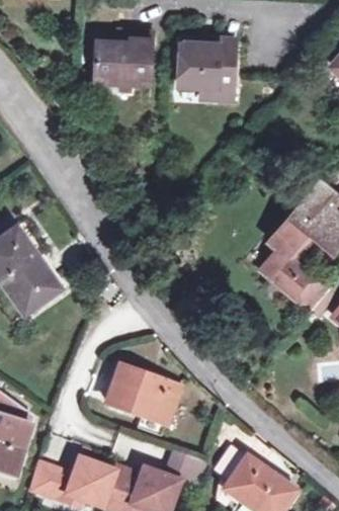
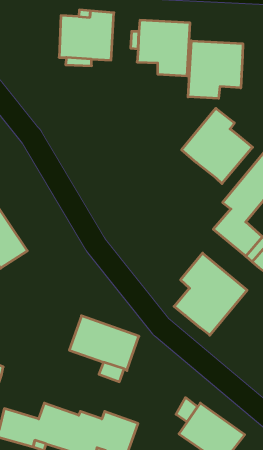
building: none -> [188,41,243,98]
building: none -> [182,108,253,184]
building: none -> [174,253,247,335]

